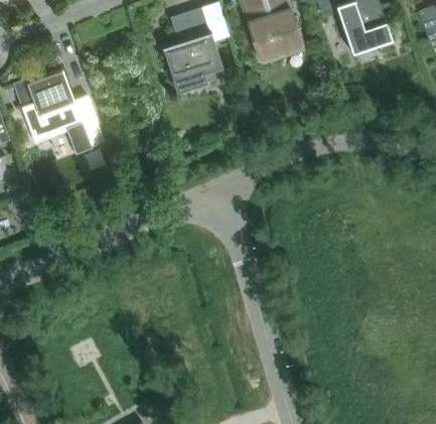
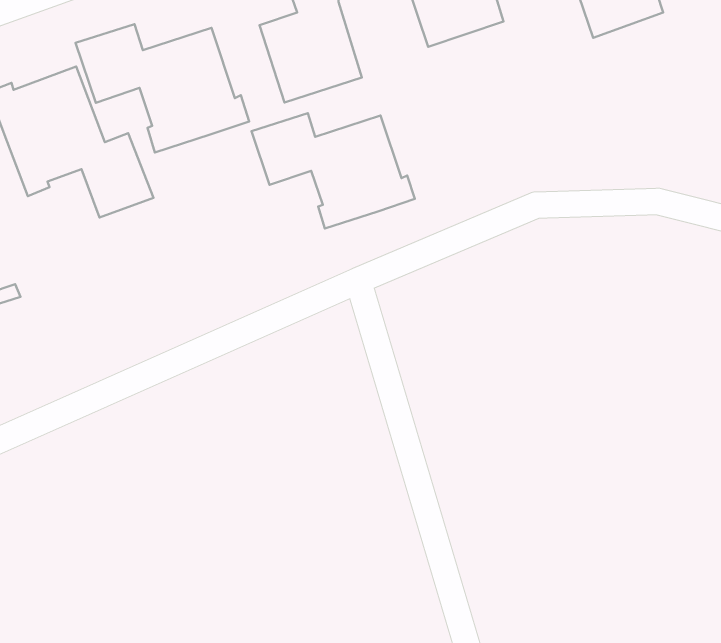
building: none -> [76,24,249,152]
building: none -> [251,113,415,229]

